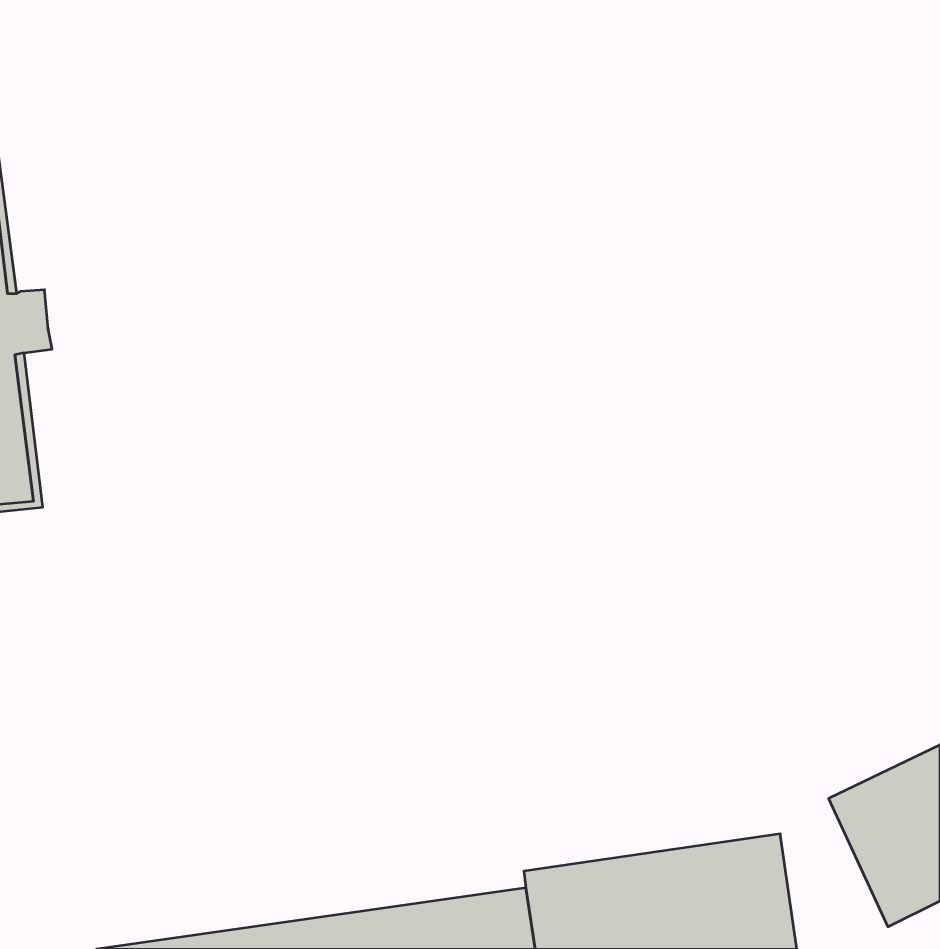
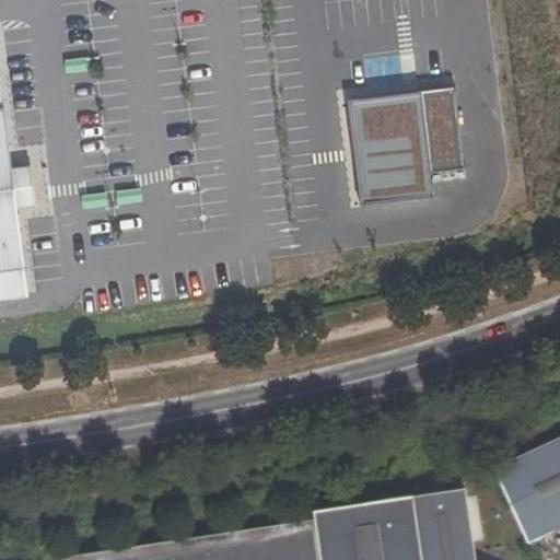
building: none -> [353,92,466,202]

